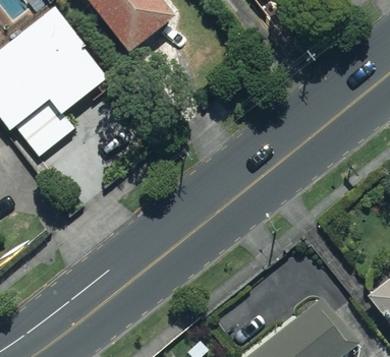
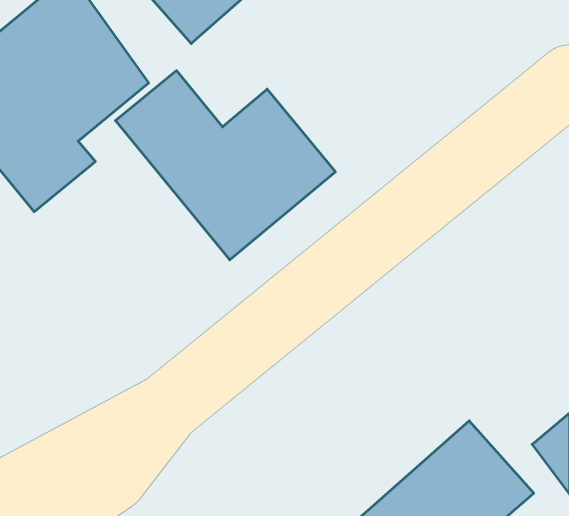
building: none -> [115,71,335,260]

